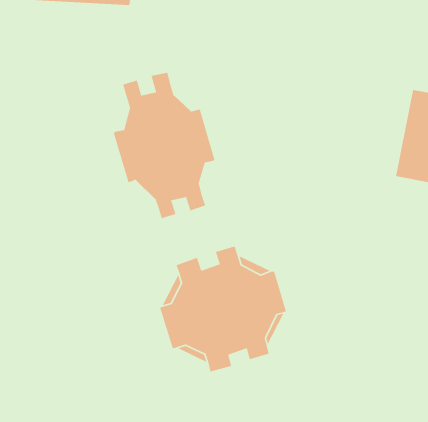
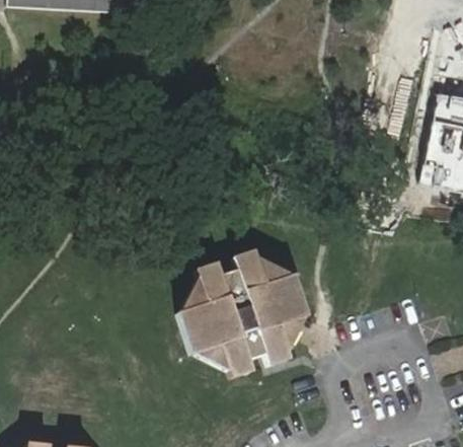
building: [113,72,216,219] -> none

